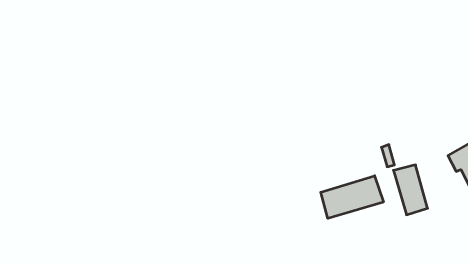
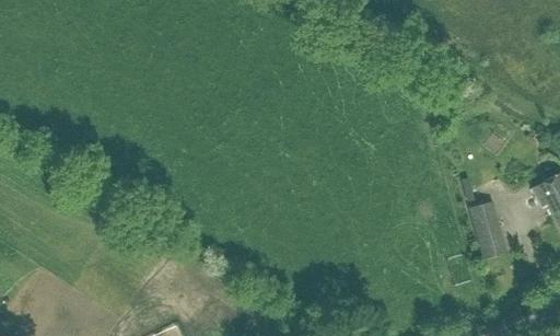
building: [321,176,383,218] -> none

